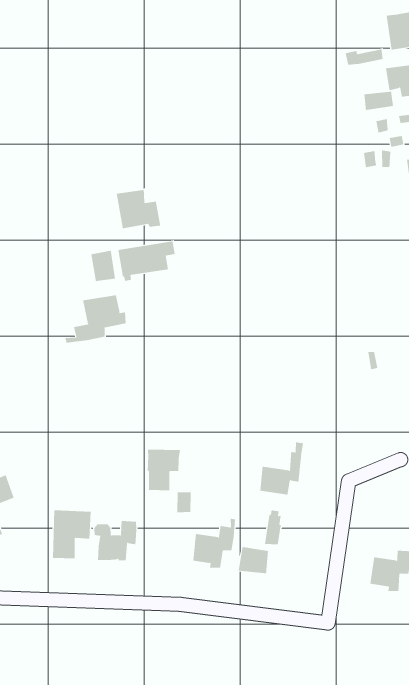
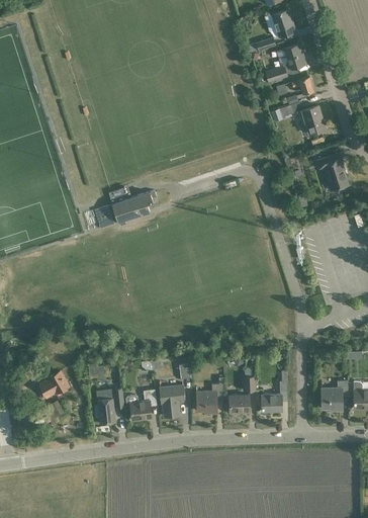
building: [116,189,161,229] -> none
building: [65,295,126,344] -> none
building: [260,442,304,495] -> [261,374,288,412]
building: [147,449,181,491] -> [160,385,184,417]

